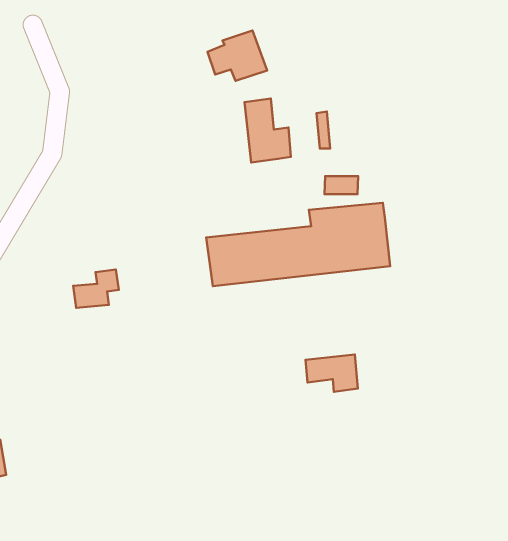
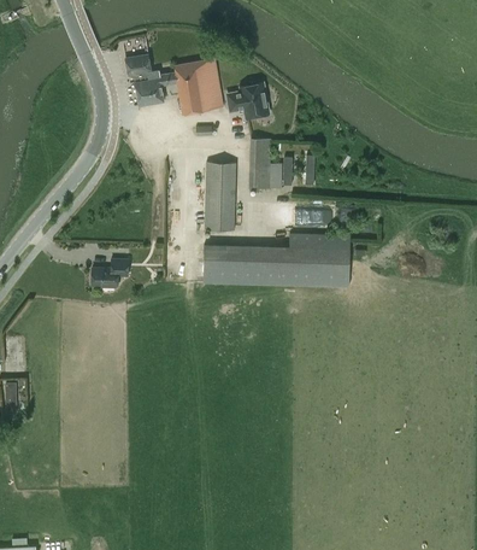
building: none -> [125,54,223,115]
building: none -> [204,163,235,230]
building: [306,354,358,392] -> none

